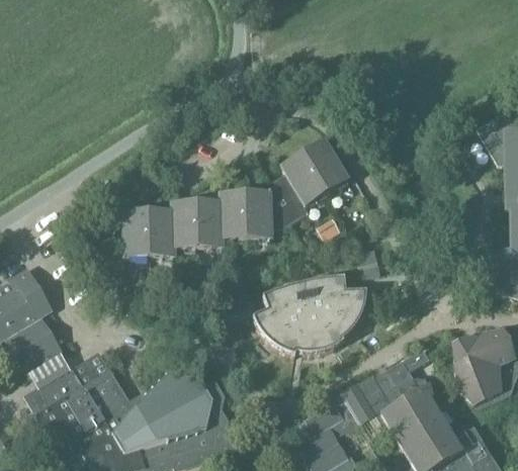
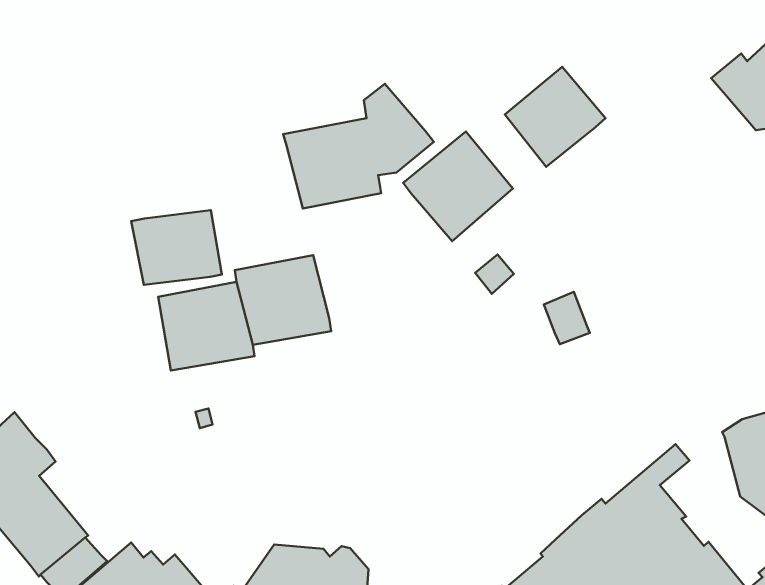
building: none -> [505,67,606,167]
building: none -> [131,210,222,285]
building: [221,170,311,238] -> [283,84,434,208]
building: [254,275,366,352] -> none

